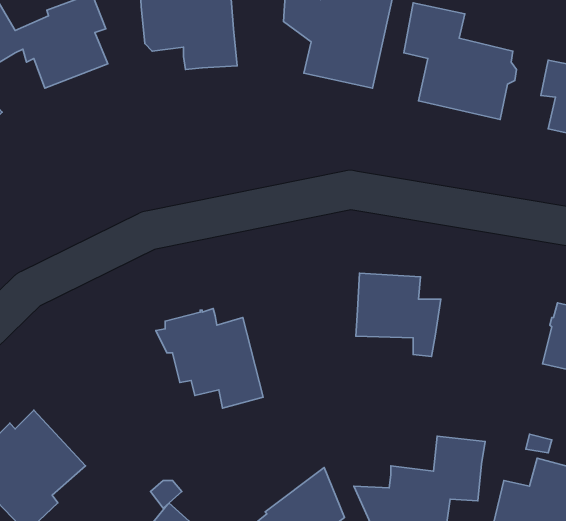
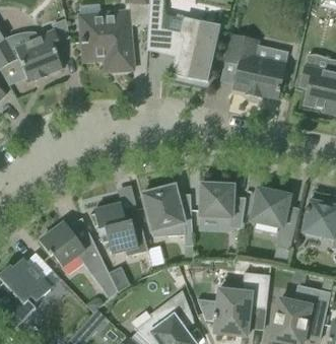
building: none -> [141,185,192,246]
building: none -> [249,188,297,236]
building: none -> [39,222,112,289]

